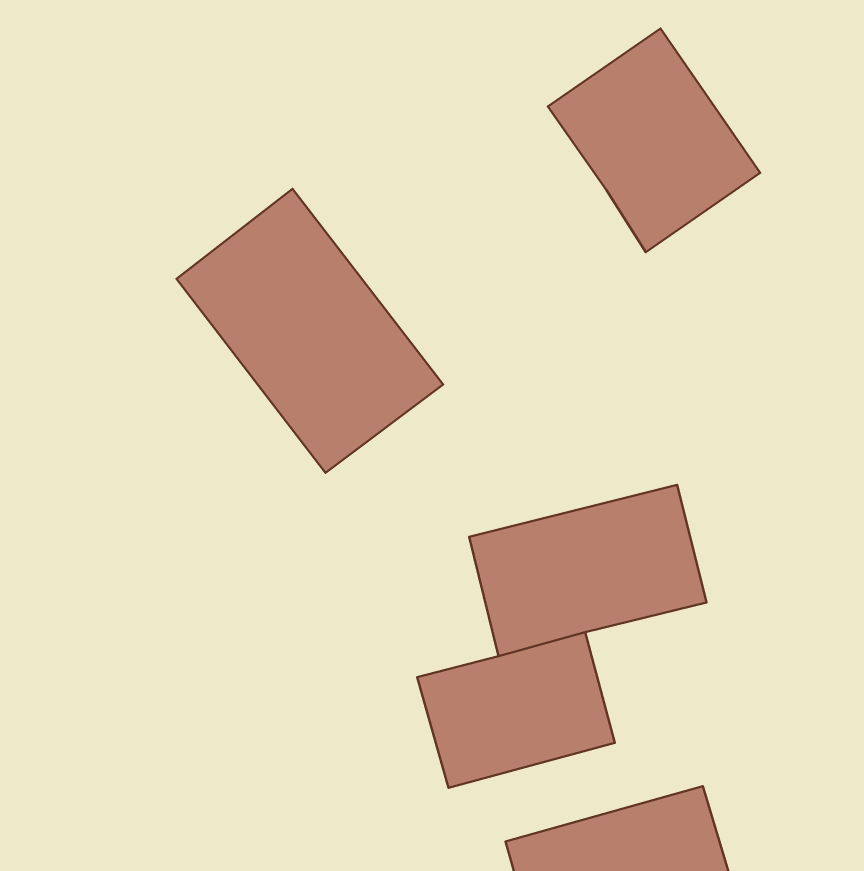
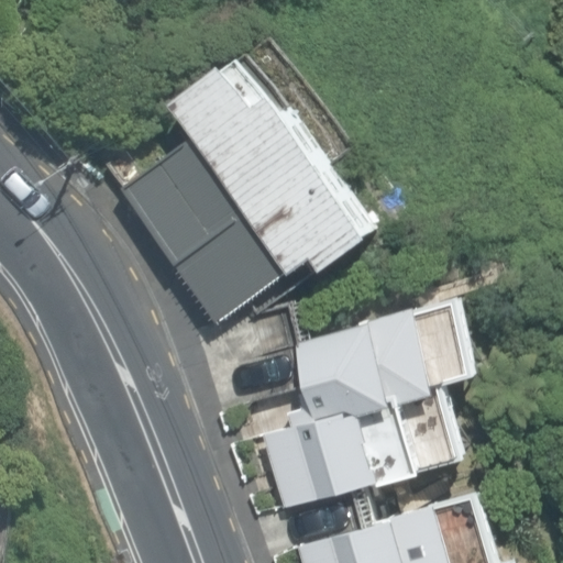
building: [548,29,760,252] -> none
building: none -> [169,41,383,276]

